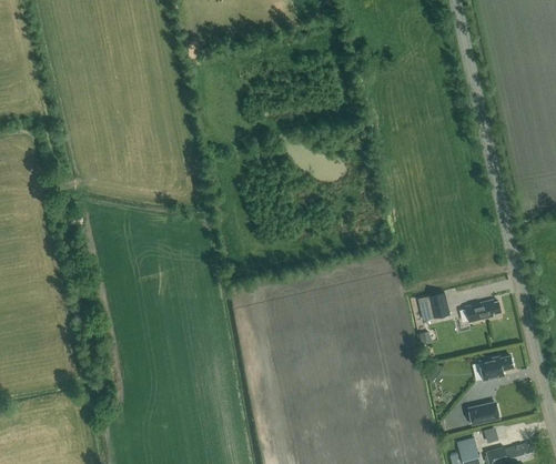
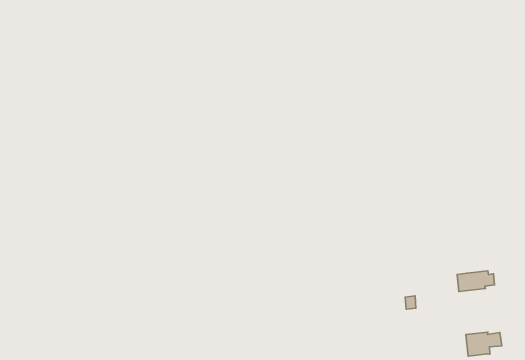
building: [417,292,448,320] -> none

